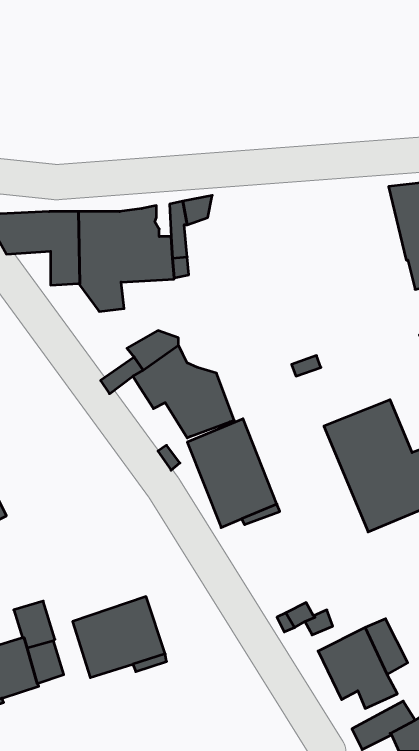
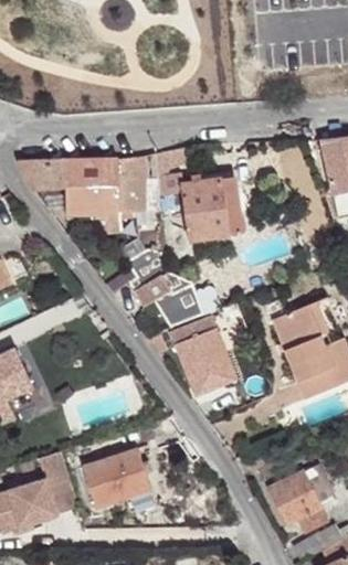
building: none -> [182,177,243,242]

